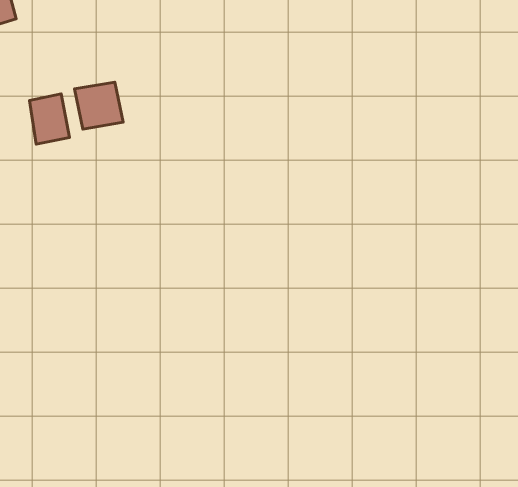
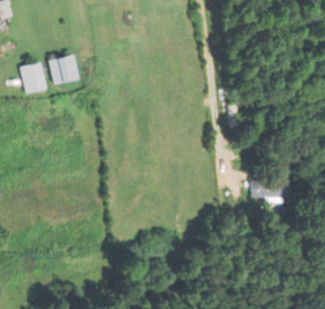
building: none -> [249,179,287,199]

